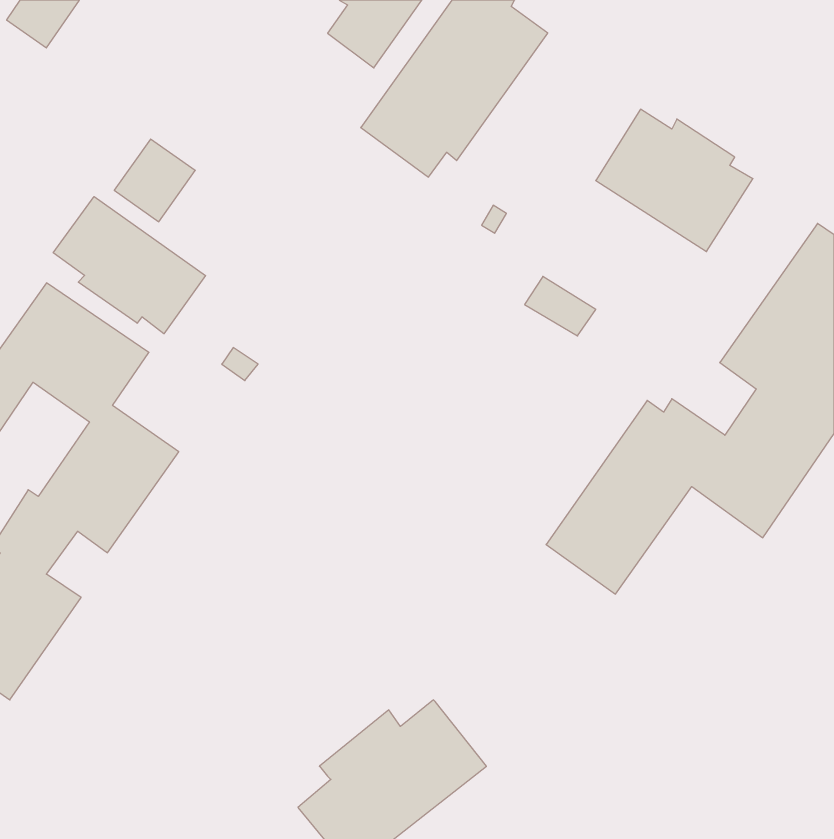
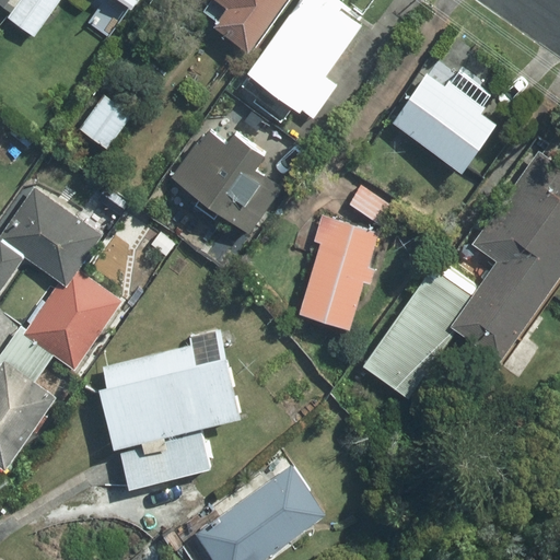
building: none -> [172,133,279,231]
building: [53,197,206,334] -> none
building: none -> [302,219,378,327]
building: none -> [103,332,241,489]

